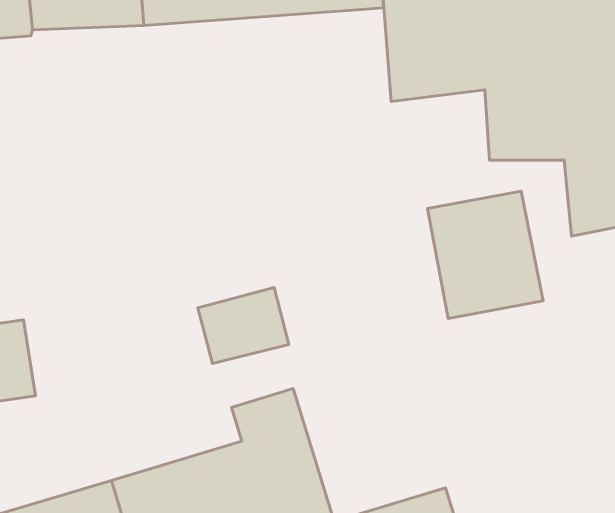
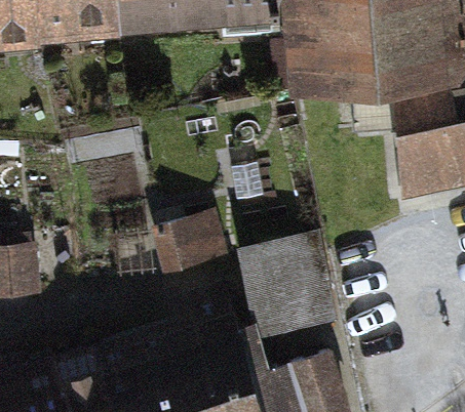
building: [428,191,543,318] -> [250,243,332,332]

